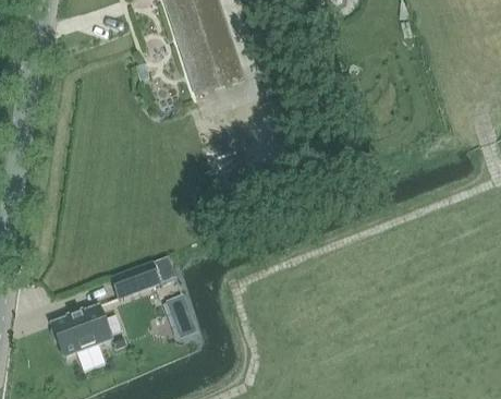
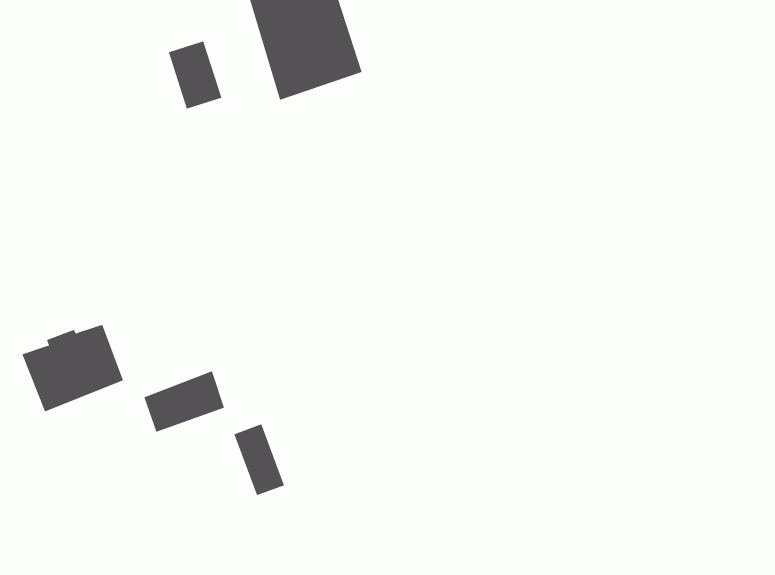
building: none -> [168,41,222,109]
building: [50,302,113,356] -> [22,324,124,412]

